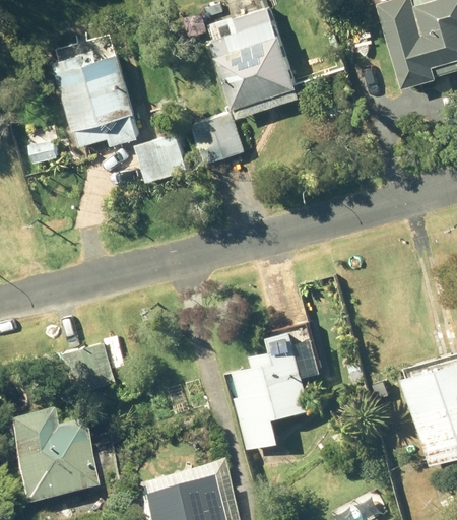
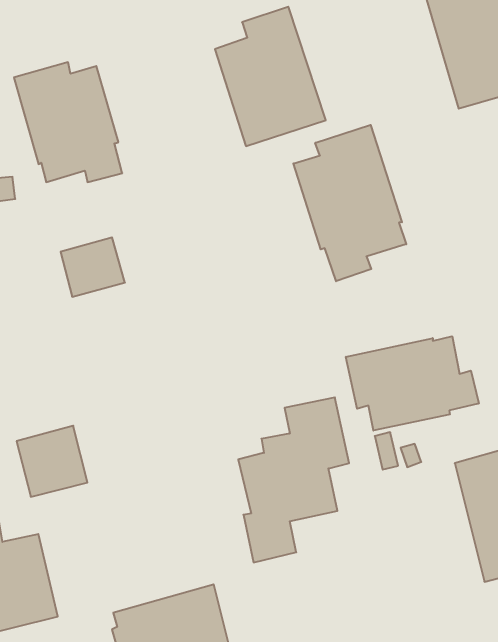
building: none -> [293,125,406,281]
building: [191,111,245,166] -> none
building: [135,133,186,180] -> [61,237,125,297]
building: none -> [346,336,479,431]

